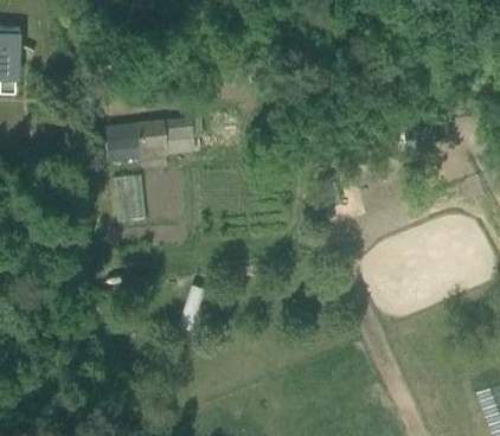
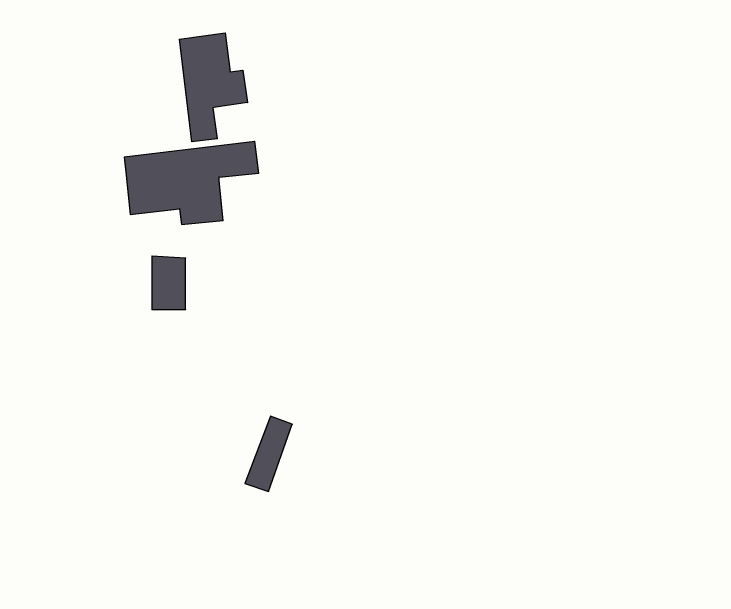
building: none -> [179,33,248,142]

